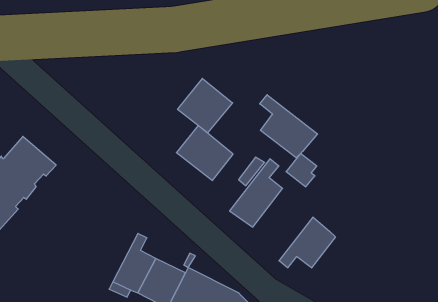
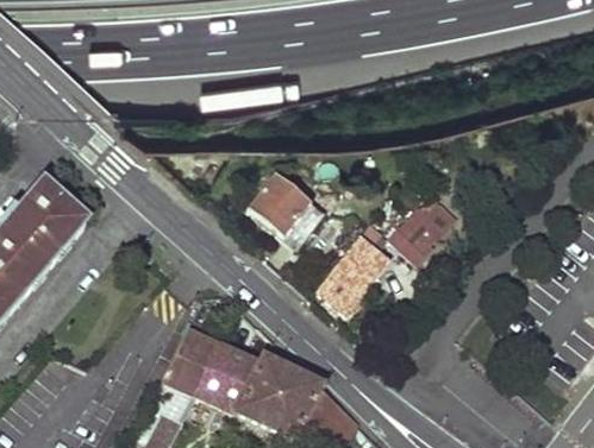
building: [178,78,233,133] -> none
building: [260,95,318,158] -> none
building: [279,217,335,268] -> none

